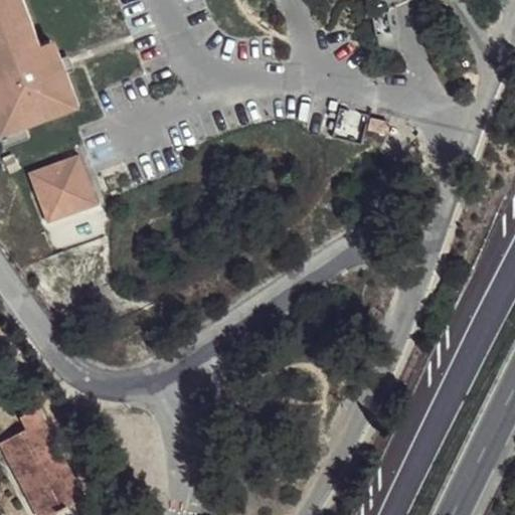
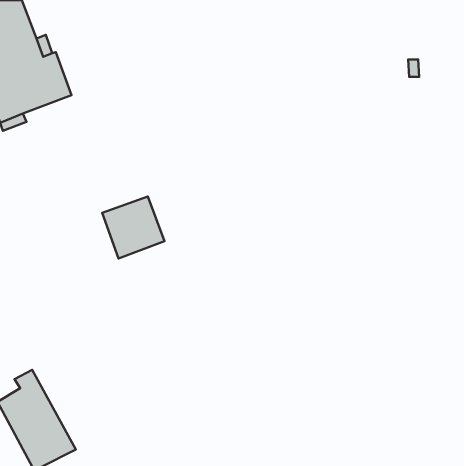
building: [27,156,96,224] -> [102,196,164,259]

